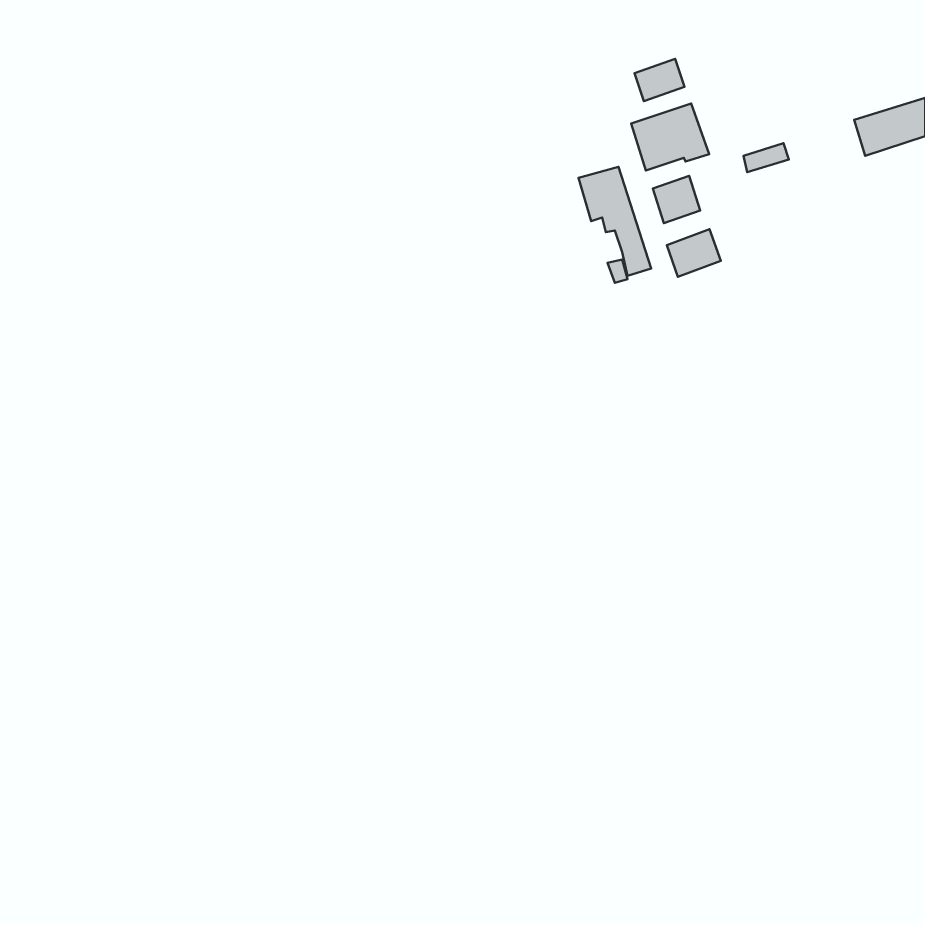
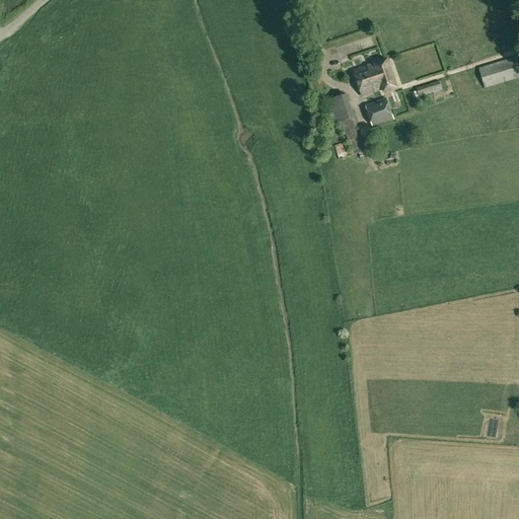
building: [634,59,684,101] -> none
building: [667,229,721,277] -> none

